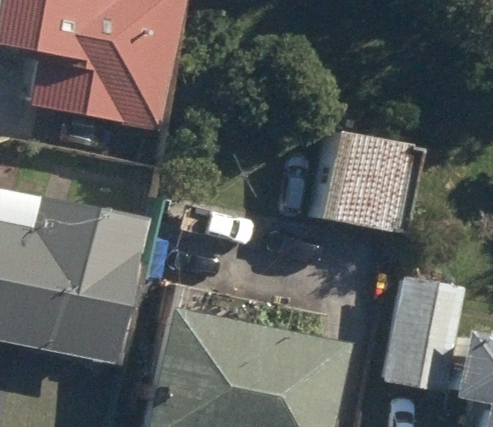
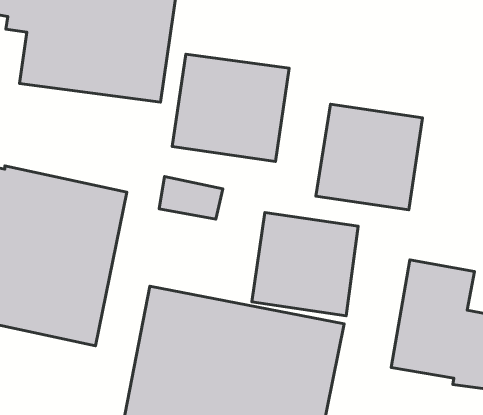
building: none -> [172,54,289,162]
building: none -> [252,212,358,316]

